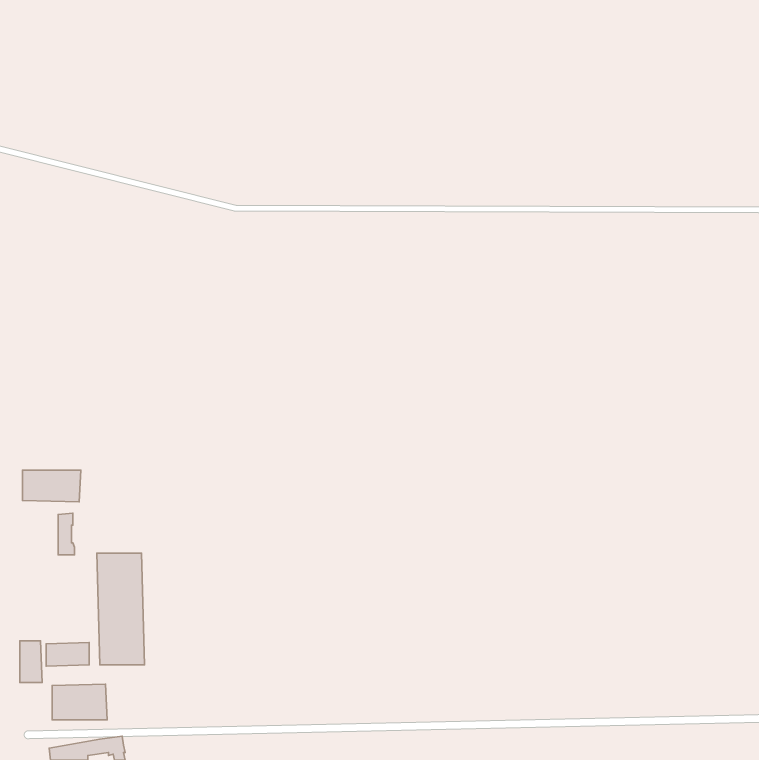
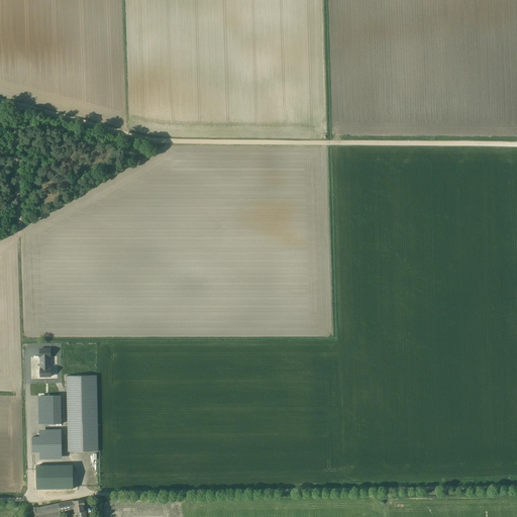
building: [22,470,81,502] -> none
building: [20,641,42,683] -> [45,396,61,424]

